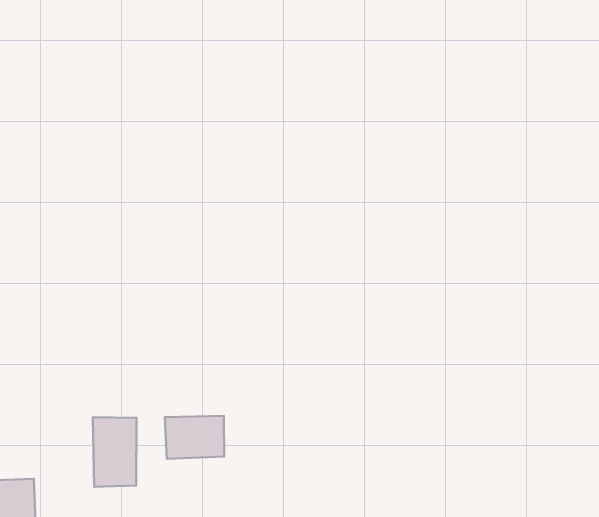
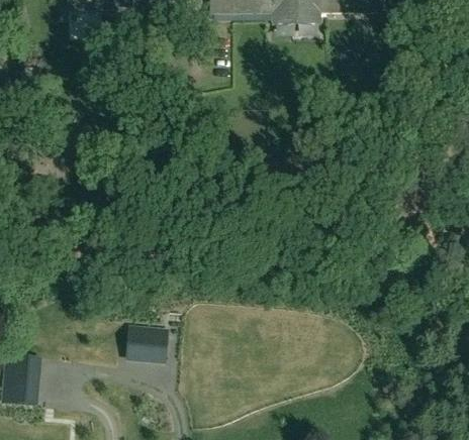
building: [93,417,136,487] -> none

